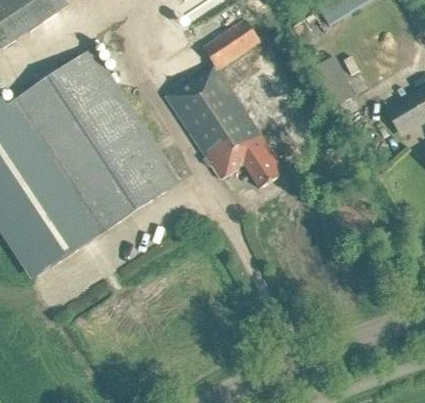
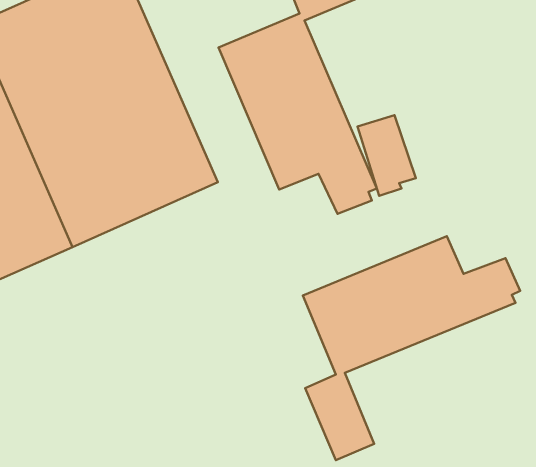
building: [314,51,357,105] -> [357,115,416,196]
building: none -> [303,236,520,460]

